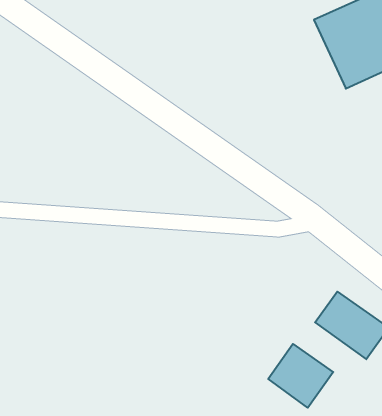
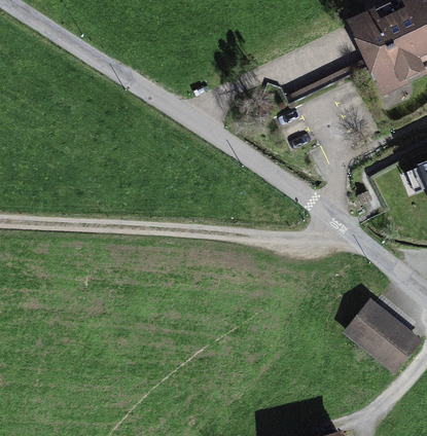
building: [268,344,333,408] -> none

